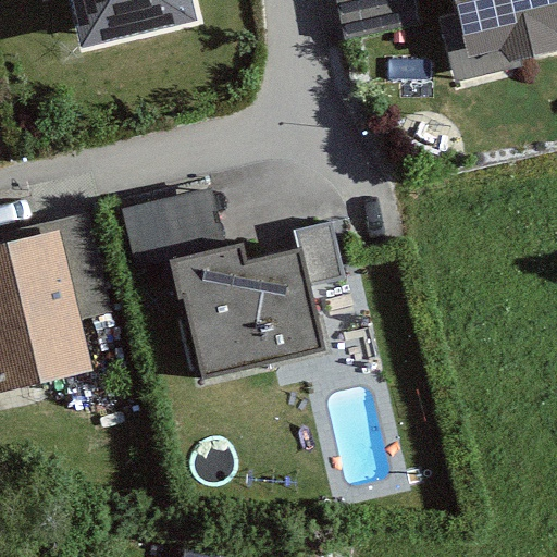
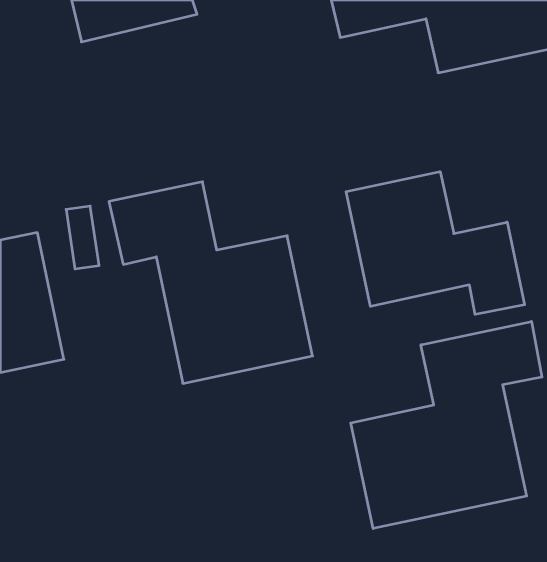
building: none -> [346,172,525,314]
building: none -> [351,321,542,529]

